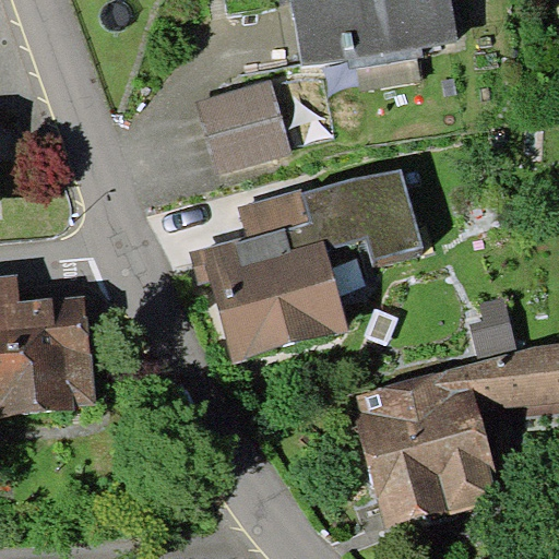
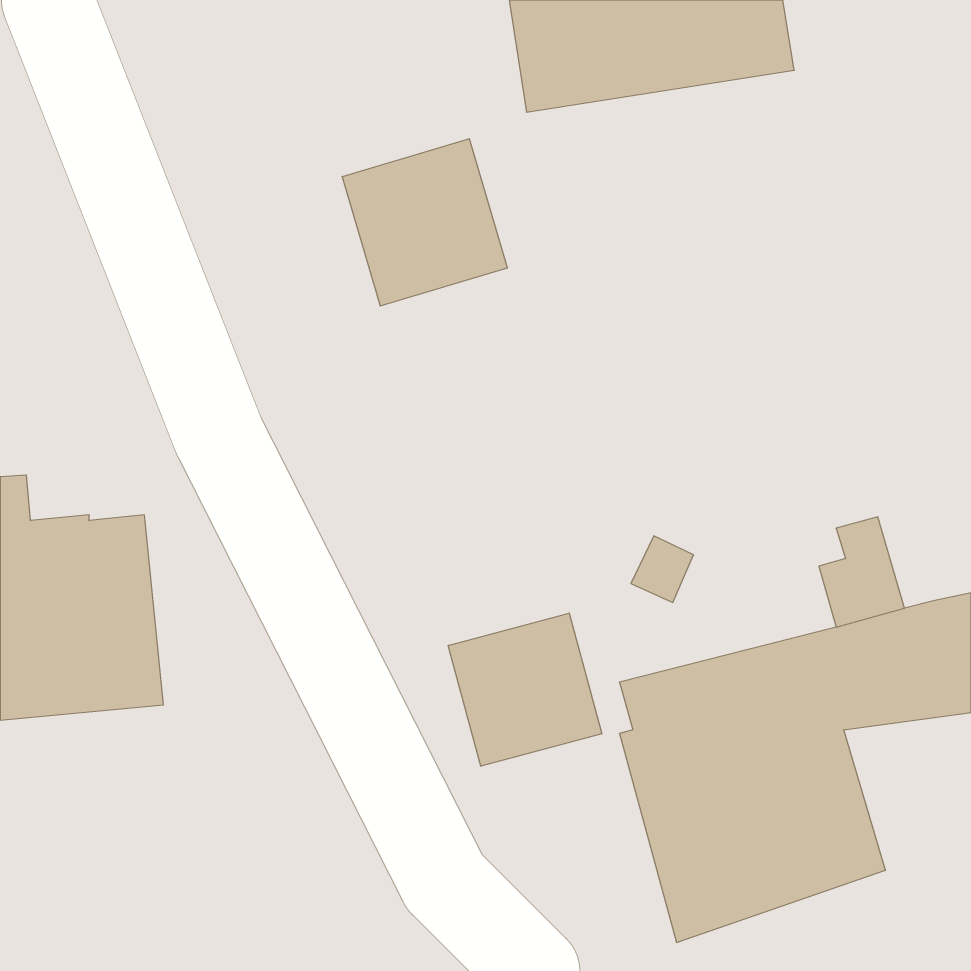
building: [190,166,424,361] -> none
building: none -> [448,613,602,766]

